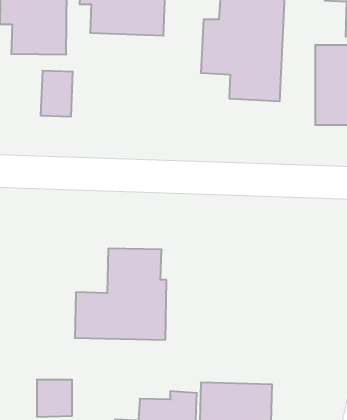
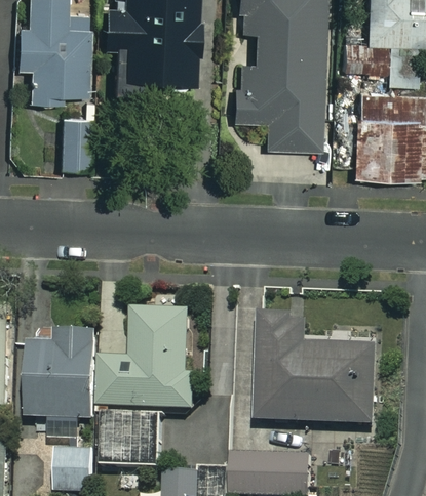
building: none -> [256,316,375,422]
building: none -> [27,329,99,417]
building: none -> [103,411,161,465]

